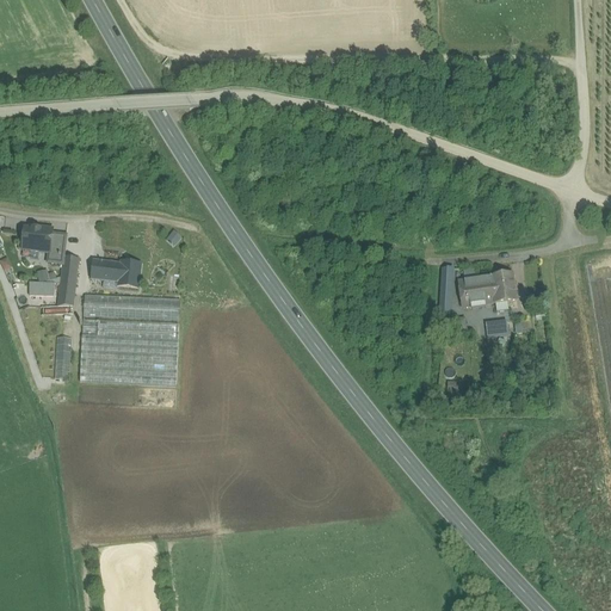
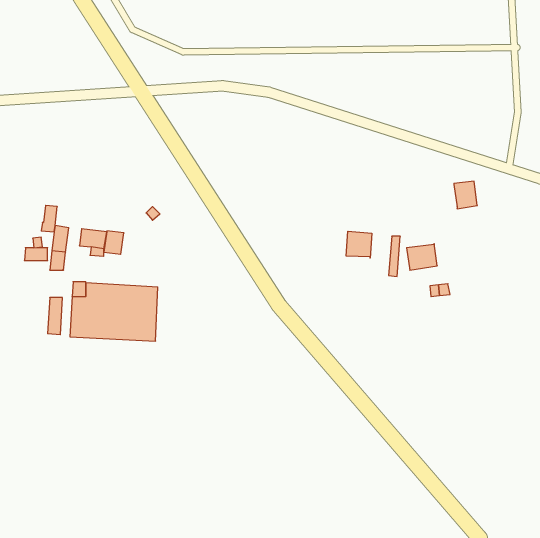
building: [21,226,51,251] -> none
building: none -> [346,231,372,258]
building: [489,271,516,302] -> [454,181,477,209]
building: [82,292,179,319] -> none

